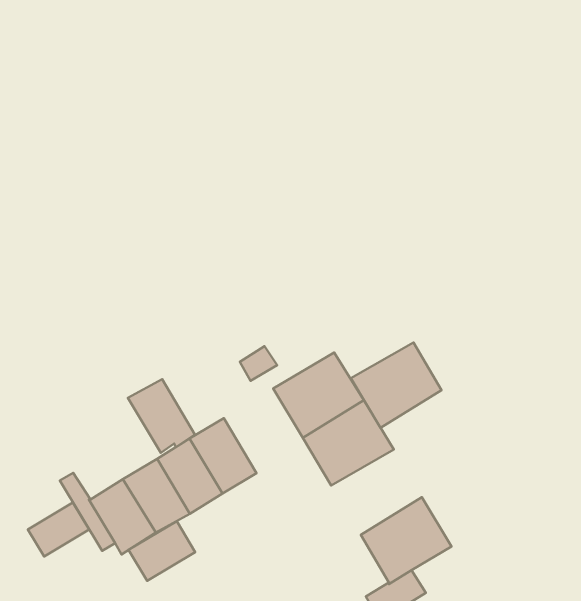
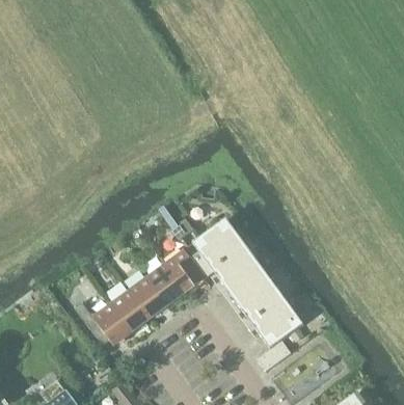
building: [351,343,442,428] -> [231,271,284,322]
building: [128,379,195,453] -> [165,249,206,292]
building: [28,502,89,556] -> none
building: [129,521,195,581] -> none

